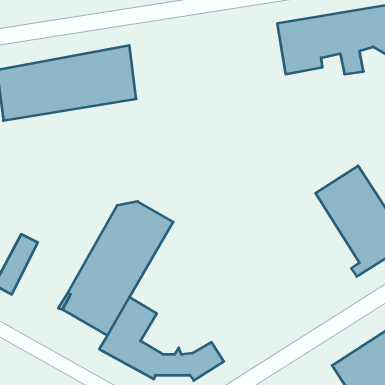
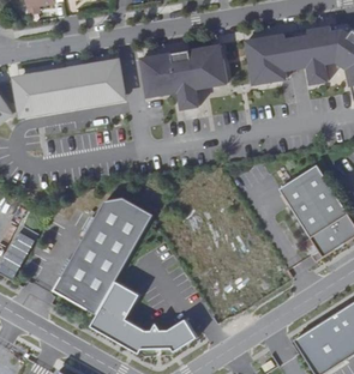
building: none -> [142,44,227,108]

